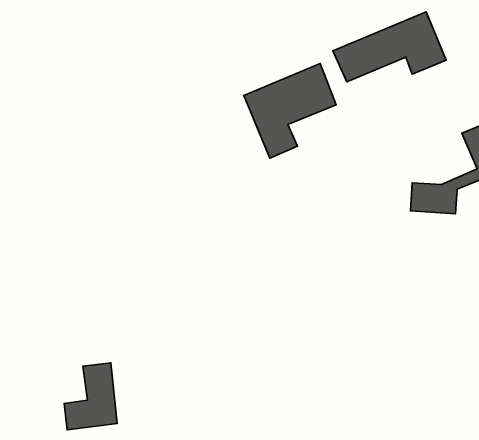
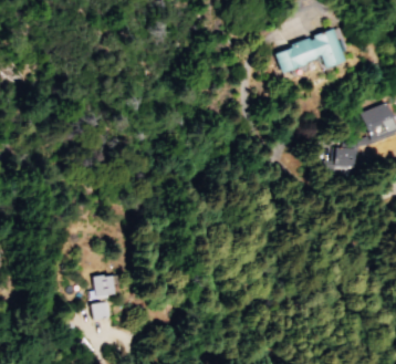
building: [244,64,336,158] -> none

